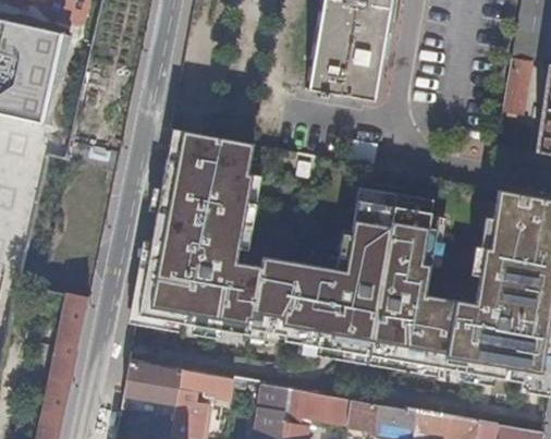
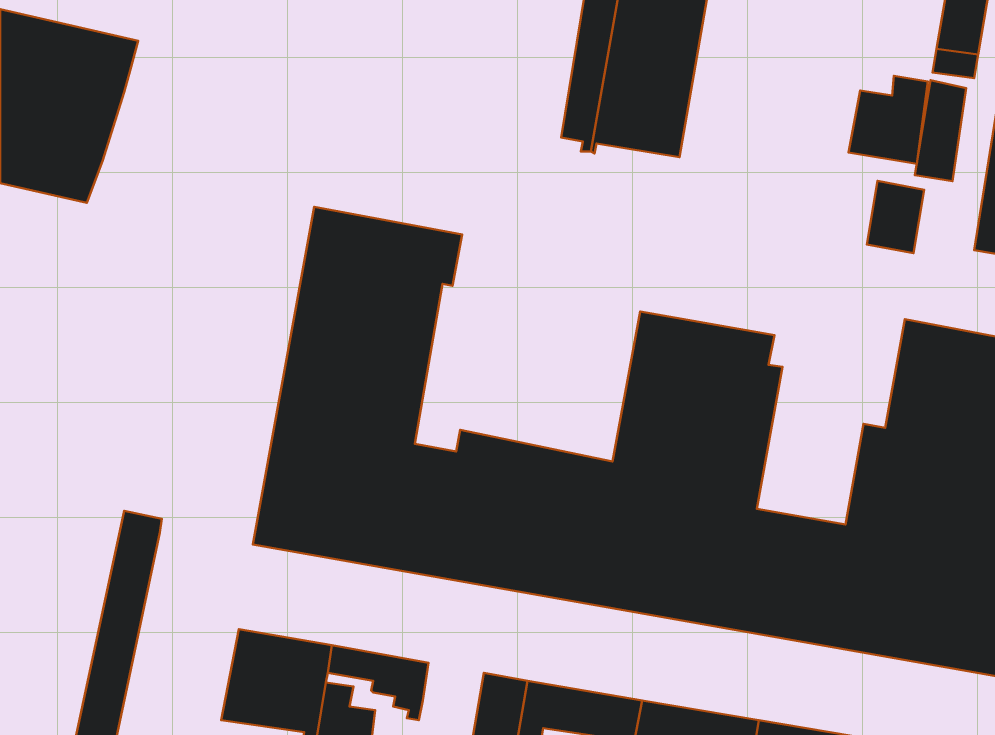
building: none -> [849,76,928,164]
building: none -> [867,181,924,253]

